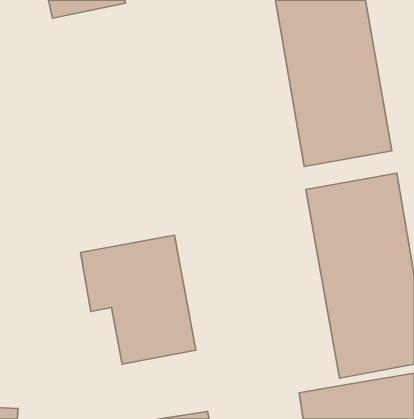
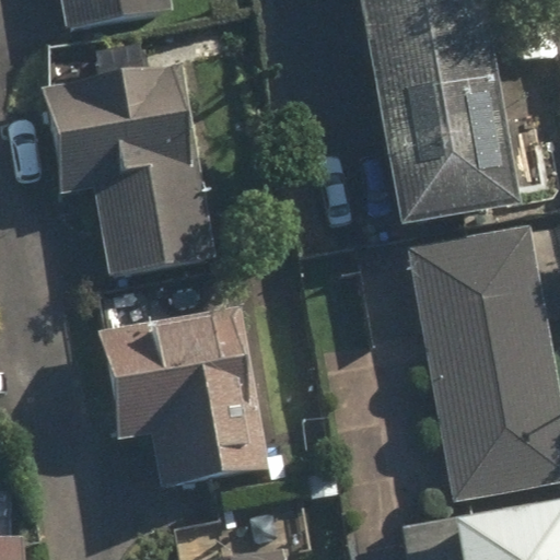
building: none -> [48,62,215,276]

